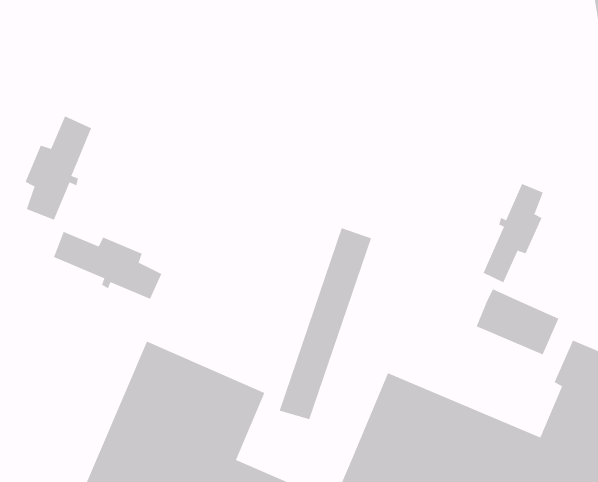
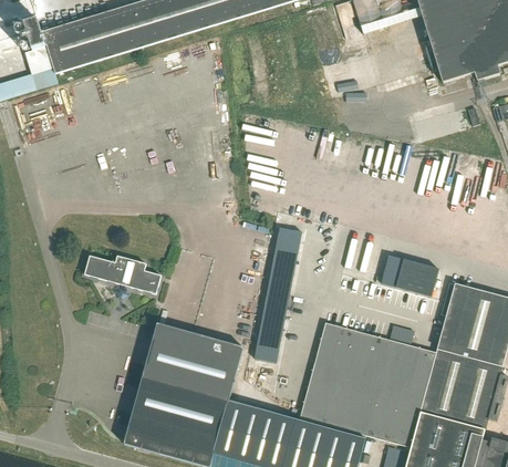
building: [25,115,92,221] -> none
building: [483,183,543,283] -> none

